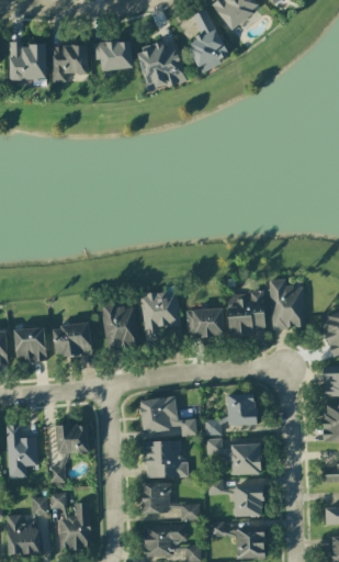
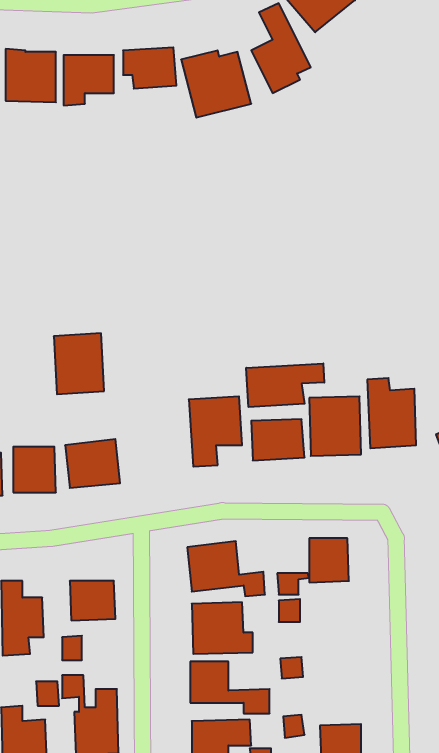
building: none -> [246,363,324,407]
building: [102,304,138,348] -> [54,333,104,394]
building: [230,443,261,475] -> none
building: [234,485,263,517] -> none

